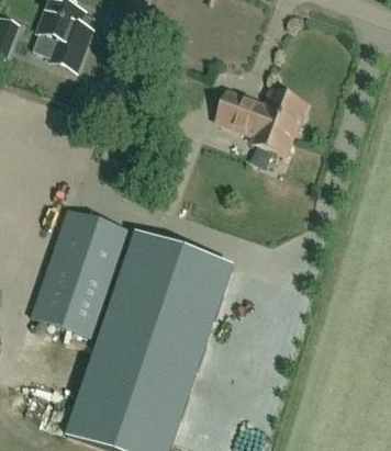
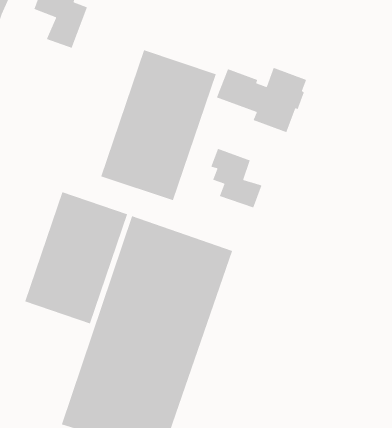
building: none -> [100,49,217,201]
building: none -> [210,148,263,209]

